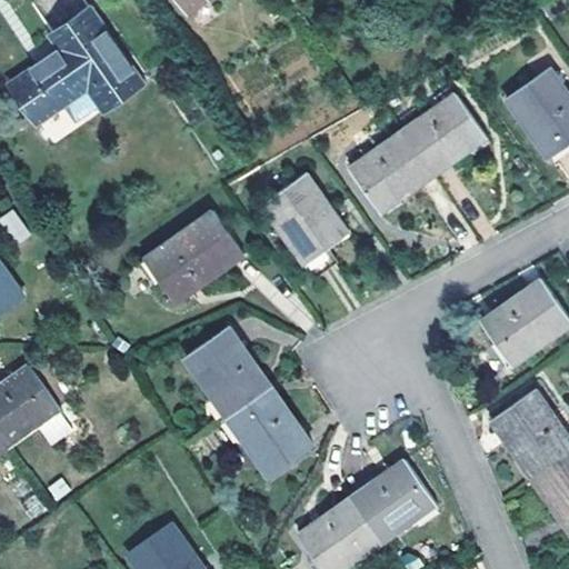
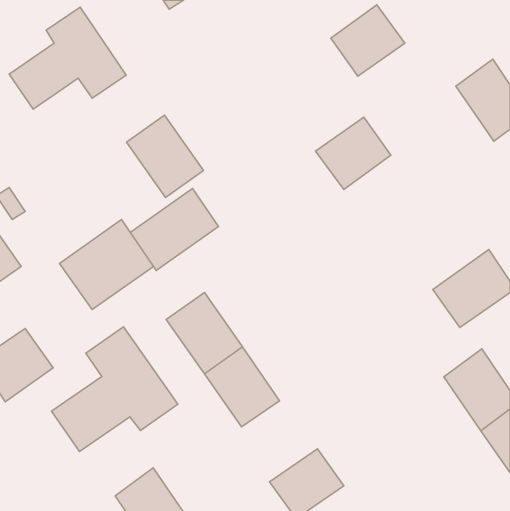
building: [403,94,486,173] -> [331,5,405,76]
building: [262,173,348,264] -> [126,115,204,197]
building: none -> [59,220,154,309]
building: none -> [51,327,178,451]
building: [352,460,435,540] -> none

